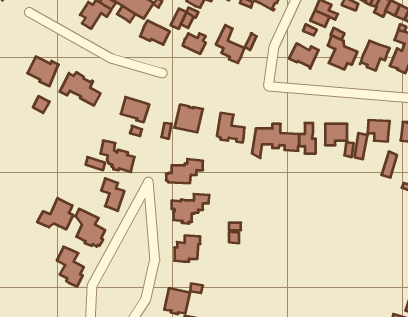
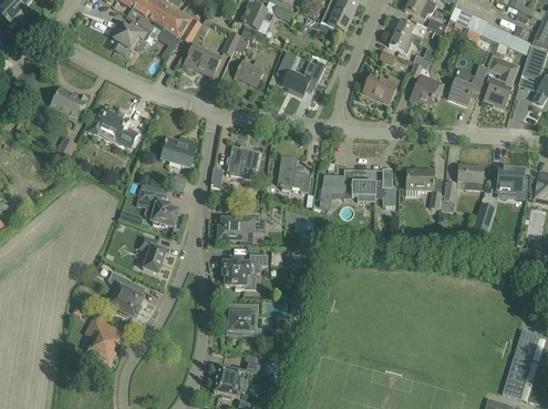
building: [37,198,73,229] -> none

